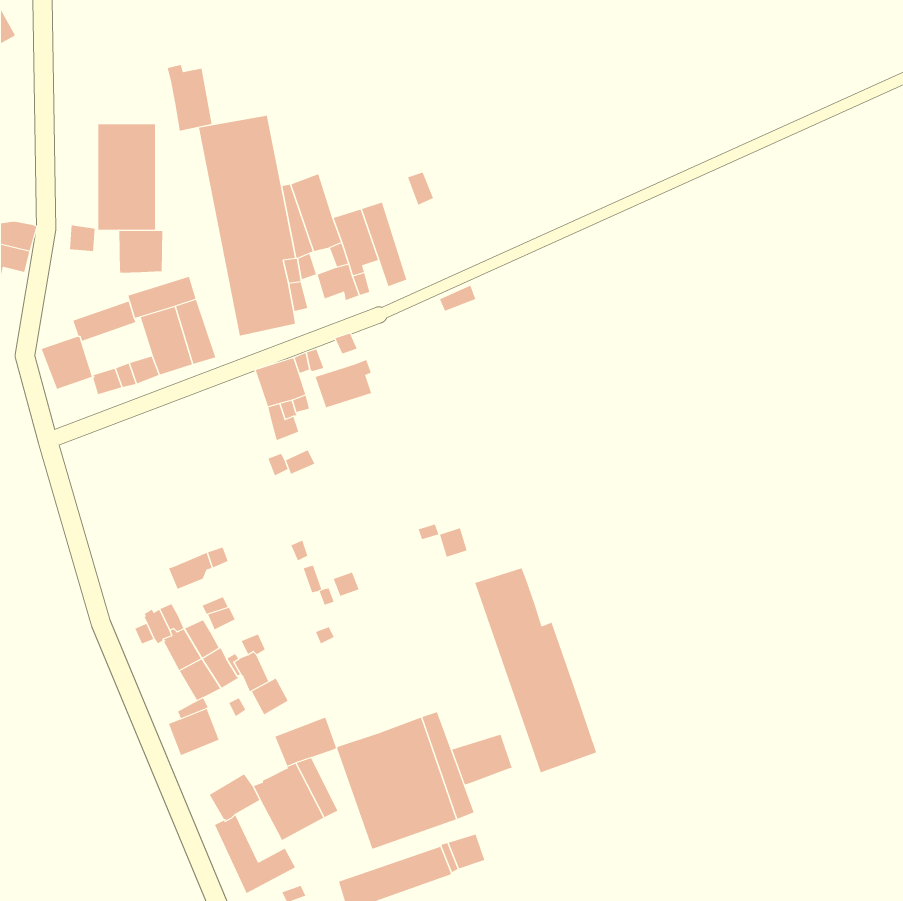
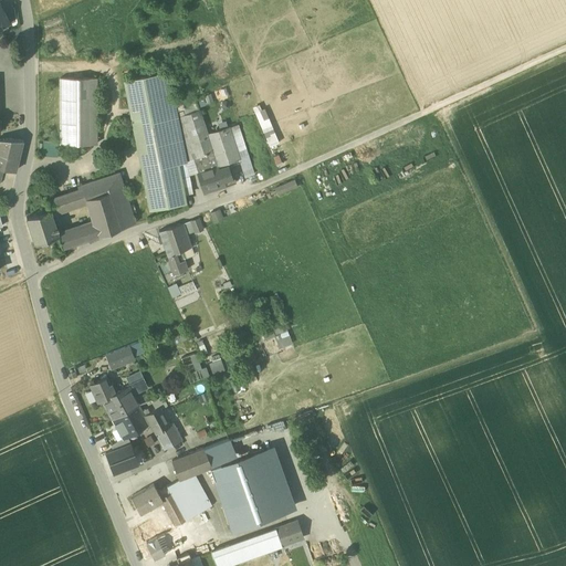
building: [167,64,212,131] -> none
building: [119,230,163,274] -> none
building: [315,359,372,408] -> none
building: [475,568,597,773] -> none
building: none -> [205,440,238,469]
building: [451,734,513,785] -> none

